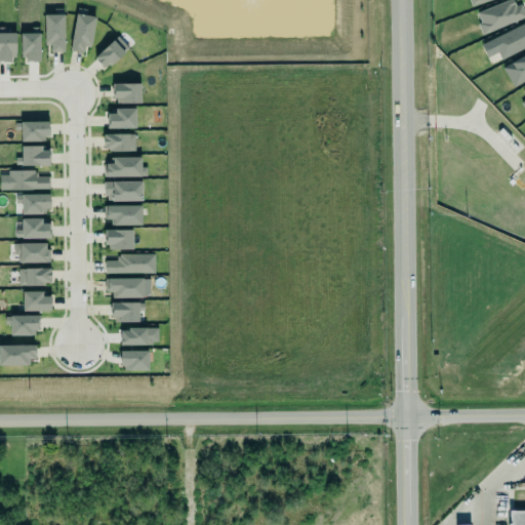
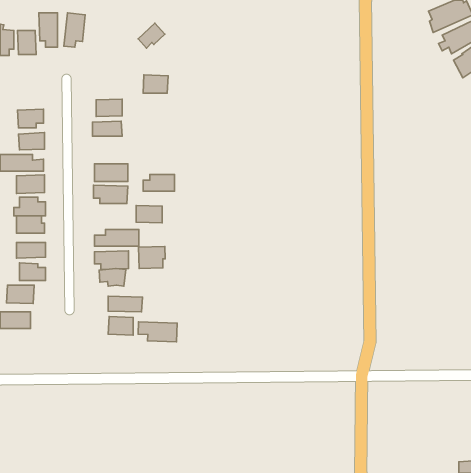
building: [96,36,126,64] -> [138,23,165,48]
building: [115,83,143,104] -> [143,75,168,93]
building: [107,154,142,172] -> [143,174,175,191]
building: [106,230,134,249] -> [136,205,162,223]
building: none -> [139,246,165,268]
building: none -> [138,322,177,342]

